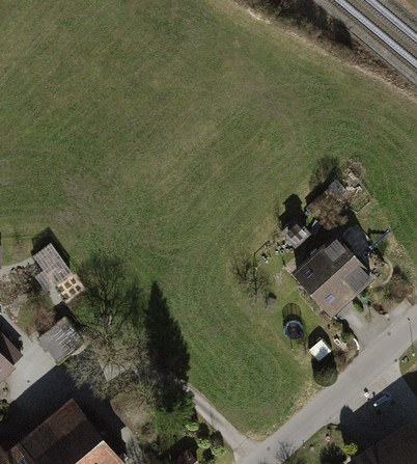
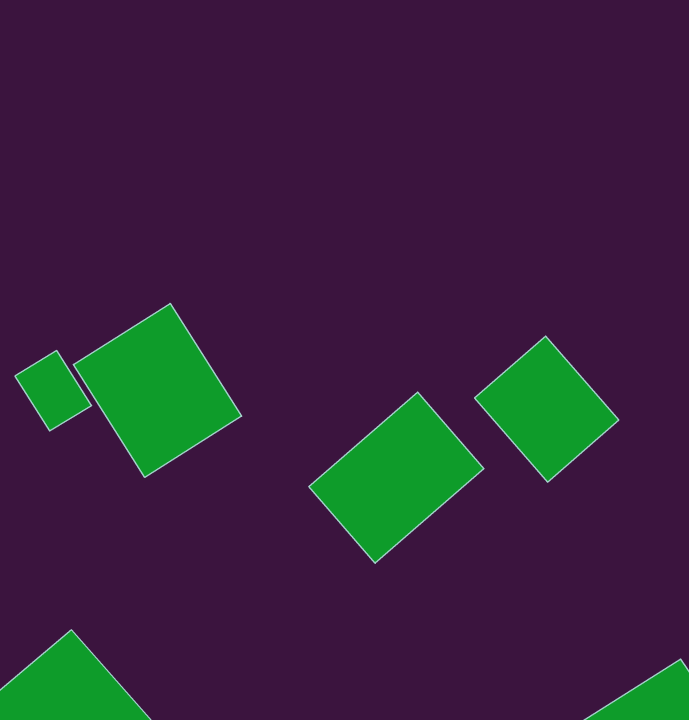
building: none -> [73,303,242,477]
building: none -> [309,392,484,563]

